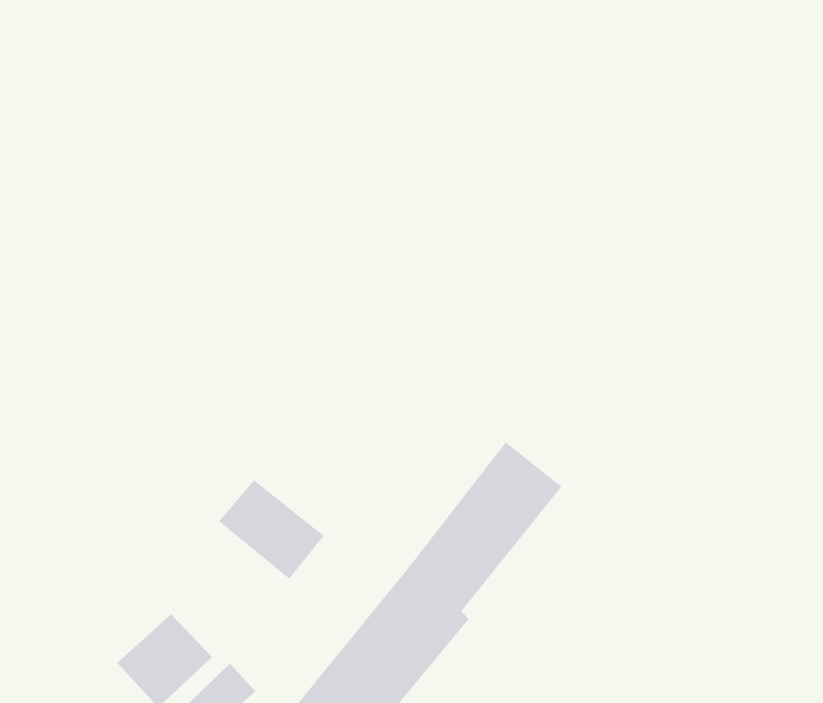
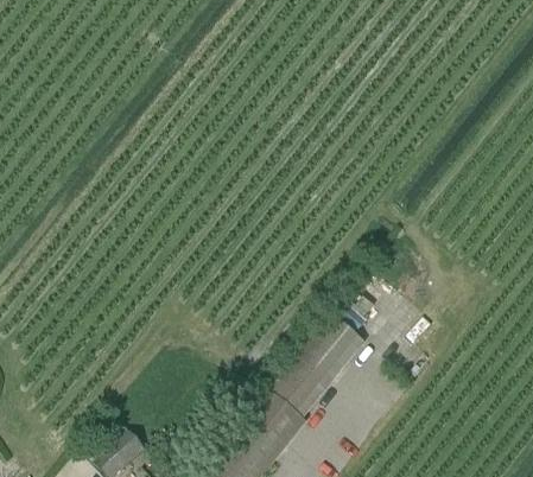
building: [218,480,325,580] -> none

